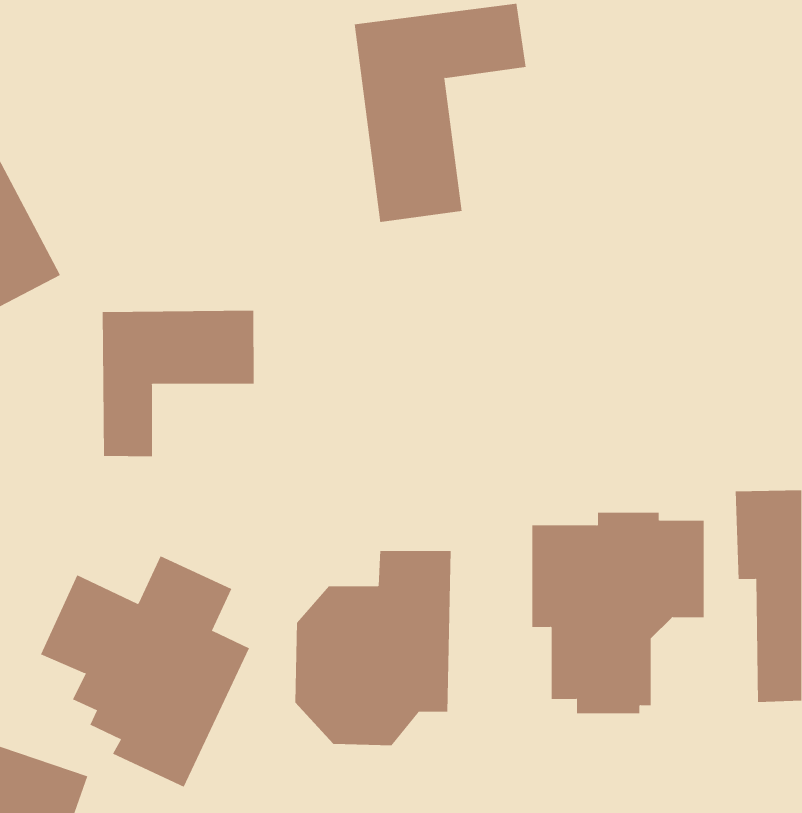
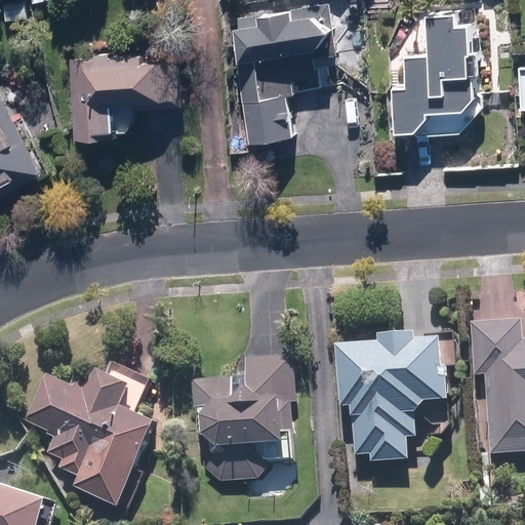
building: none -> [376,11,491,144]
building: none -> [66,55,177,140]
building: [102,310,254,457] -> none

